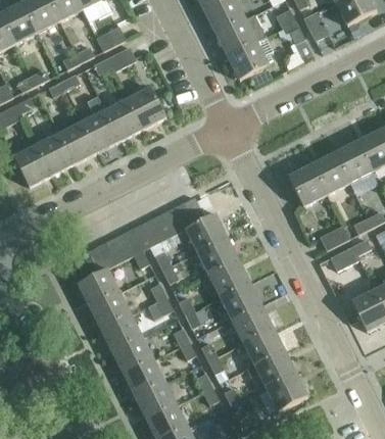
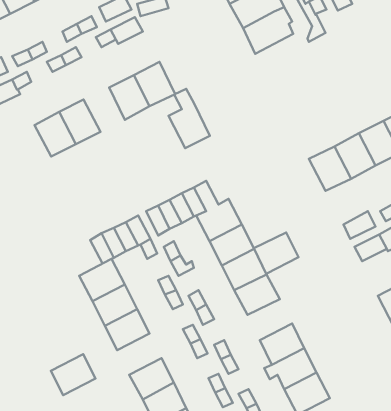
building: [82,97,119,151] -> [168,89,210,148]
building: [13,145,52,186] -> none
building: [232,304,273,342] -> [254,233,298,274]
building: [112,336,153,374] -> [51,354,95,395]

